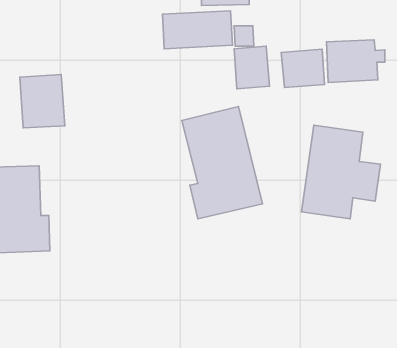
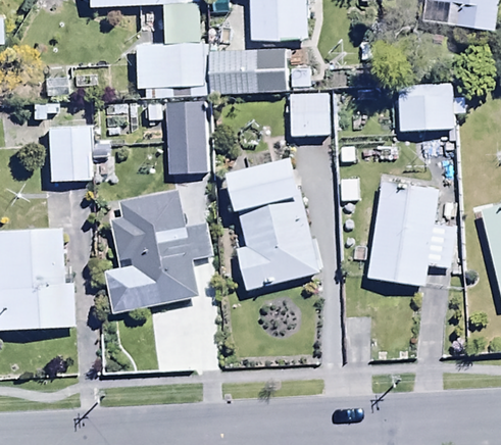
building: none -> [130,42,206,97]
building: [281,49,325,88] -> none
building: none -> [163,99,208,176]
building: none -> [104,189,213,313]

